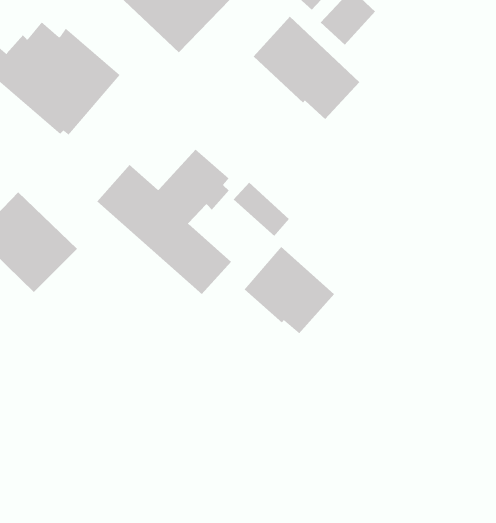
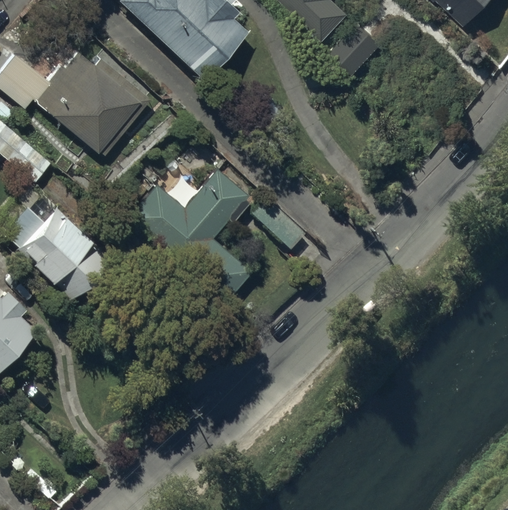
building: [253,16,360,120] -> none
building: [244,246,335,334] -> none

